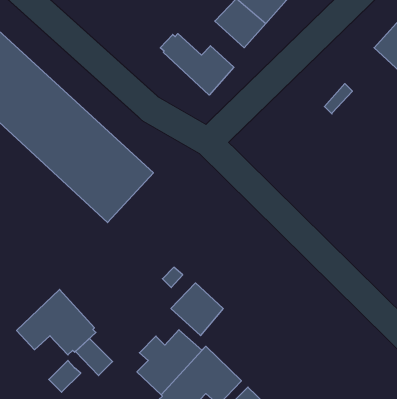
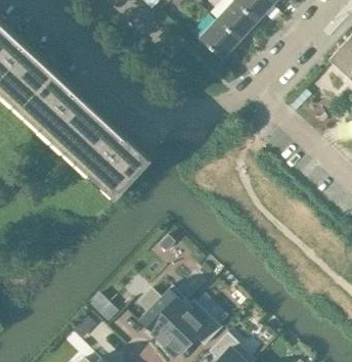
building: [160,34,234,95] -> none
building: [171,283,223,336] -> none
building: [17,289,96,355] -> none

